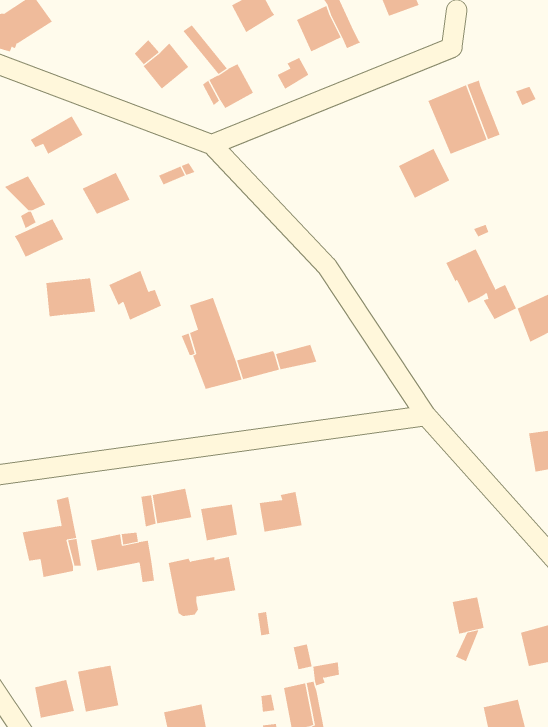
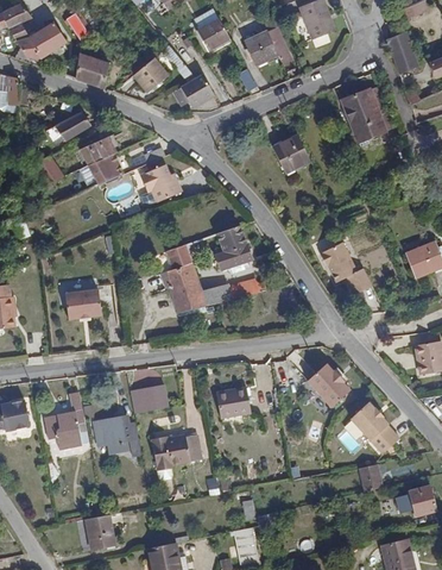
building: none -> [386,31,418,73]
building: none -> [75,52,108,88]
building: [398,148,450,198] -> [272,134,310,171]
building: [14,218,64,257] -> [80,136,116,164]
building: [445,248,517,320] -> [320,239,372,292]
building: [108,270,162,320] -> [141,164,181,201]
building: none -> [214,225,251,269]
building: [45,278,96,317] -> [64,290,101,319]
building: none -> [307,363,348,406]
building: [201,504,237,541] -> none
building: none -> [349,402,397,452]
building: [34,679,75,718] -> none

